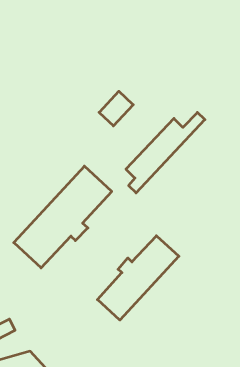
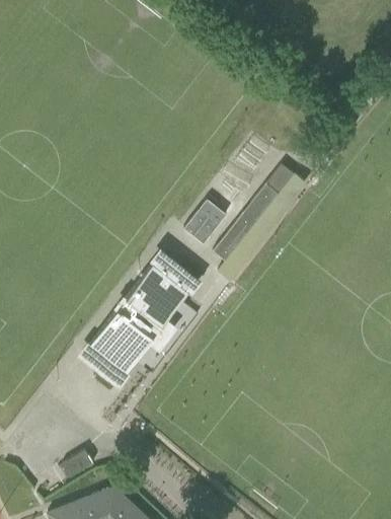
building: [99,91,133,126] -> [184,199,226,242]
building: [97,236,179,320] -> none

